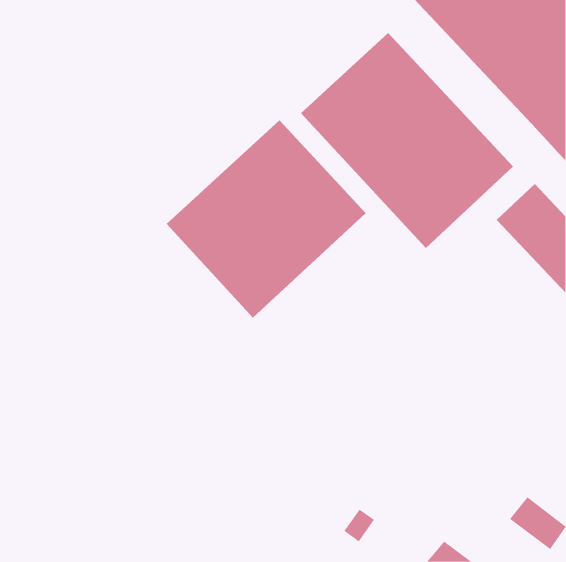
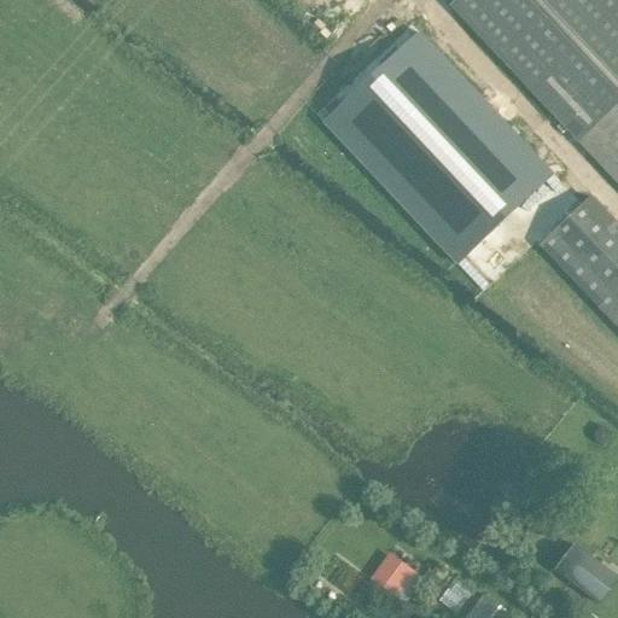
building: [166,120,366,318] -> none

